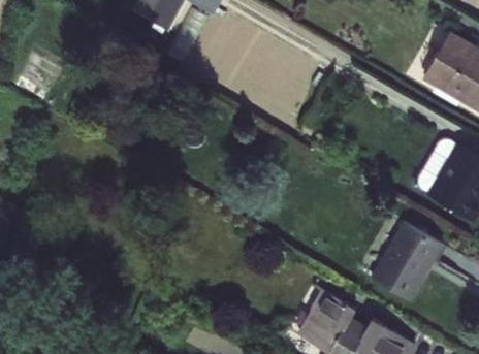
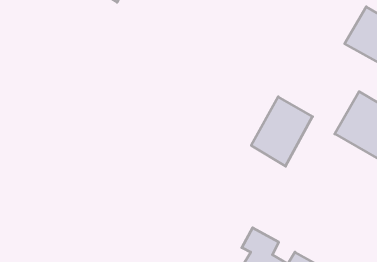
building: [373,222,443,301] -> [251,97,313,166]

